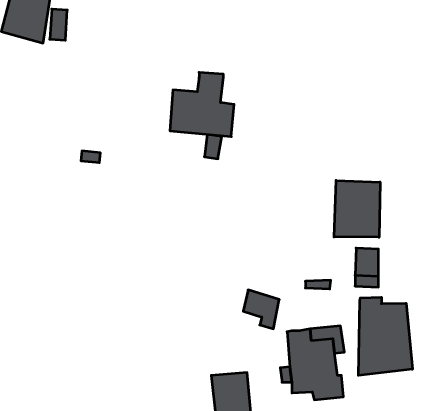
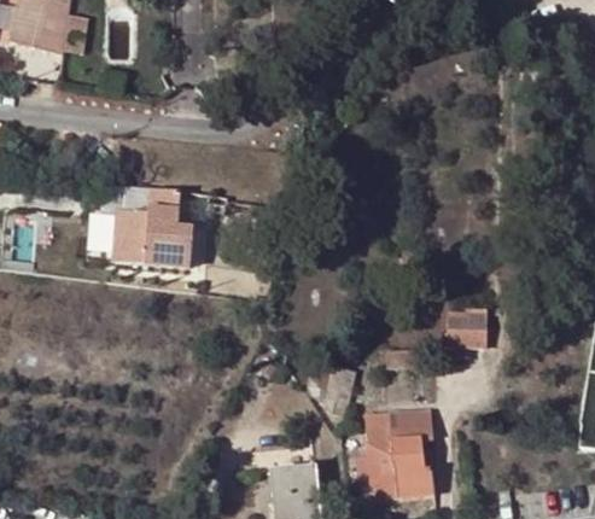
building: [170,72,234,137] -> [112,187,192,267]
building: [334,180,380,237] -> none
building: [358,297,412,375] -> none

